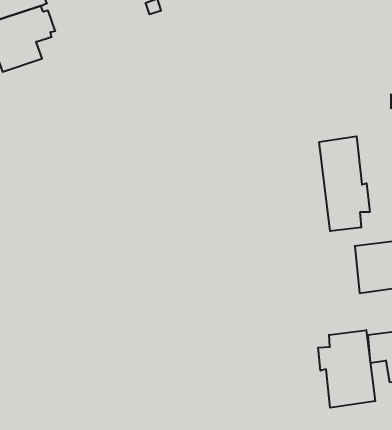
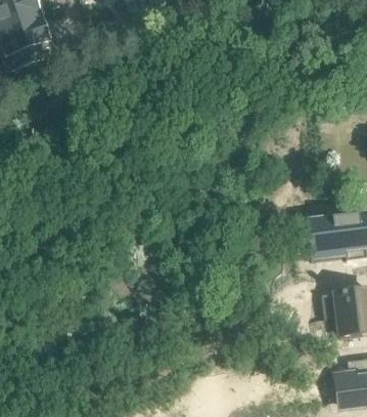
building: [319,136,370,231] -> none
building: [318,330,375,408] -> none

